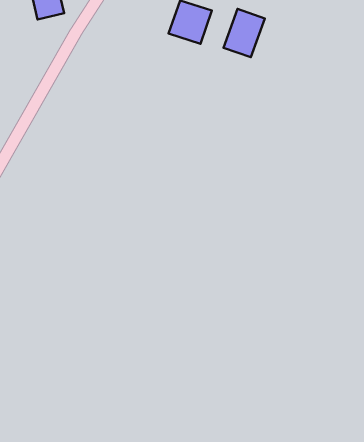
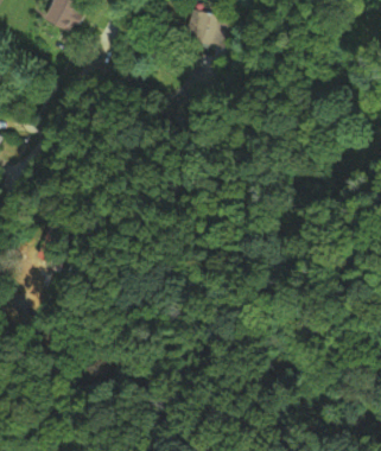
building: [224,9,265,57] -> none

